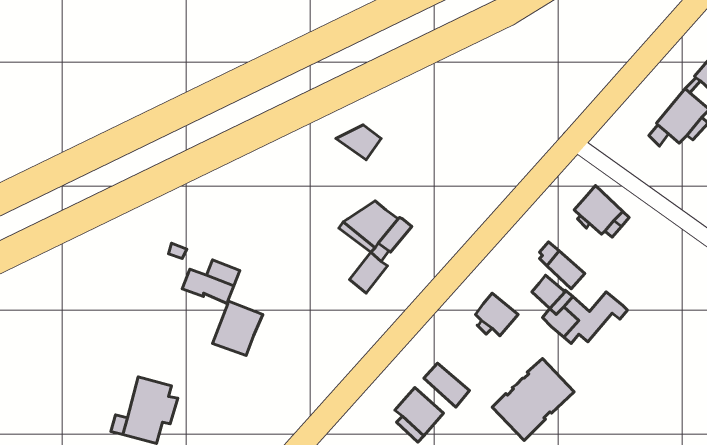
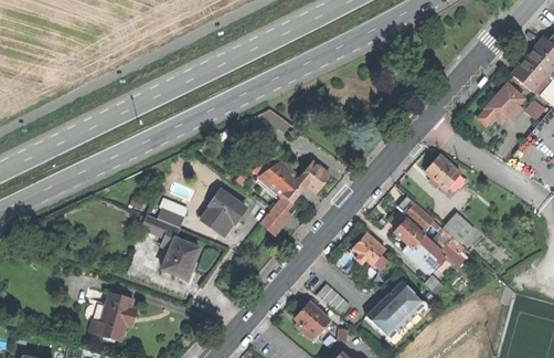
building: none -> [301,161,331,192]
building: none -> [202,190,246,232]
building: none -> [441,209,473,241]

